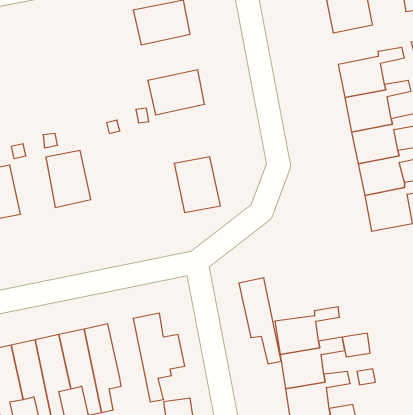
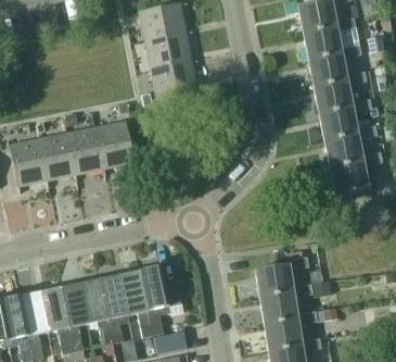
building: none -> [304,15,357,57]
building: none -> [146,32,193,70]
building: [174,157,220,212] -> [97,122,135,167]
building: none -> [39,133,76,179]
building: [239,278,281,364] -> [119,265,154,336]

